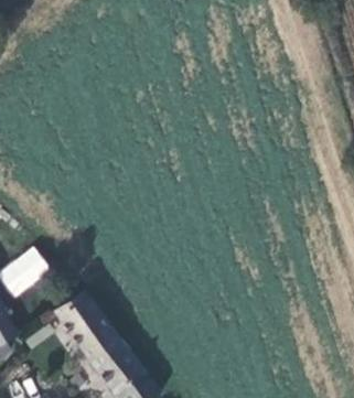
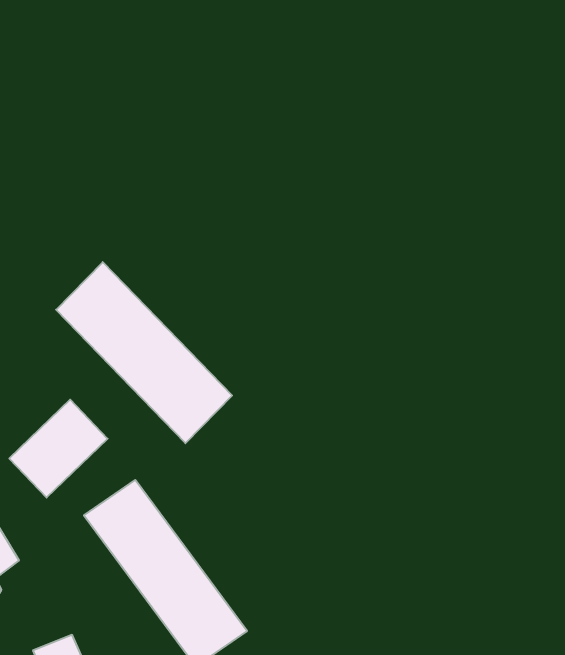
building: none -> [56,262,232,443]

